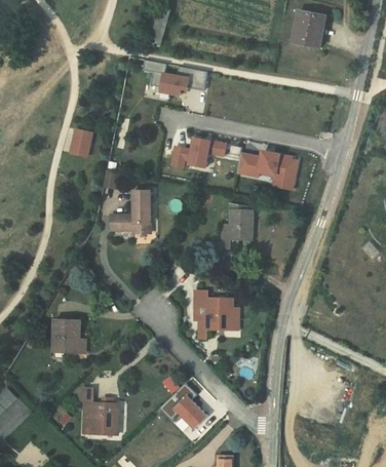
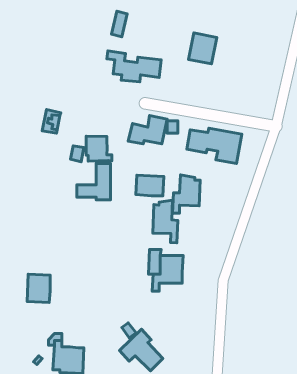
building: [292,11,324,47] -> [188,33,217,64]
building: none -> [86,136,112,161]
building: none -> [136,175,164,196]
building: none -> [153,200,178,243]

